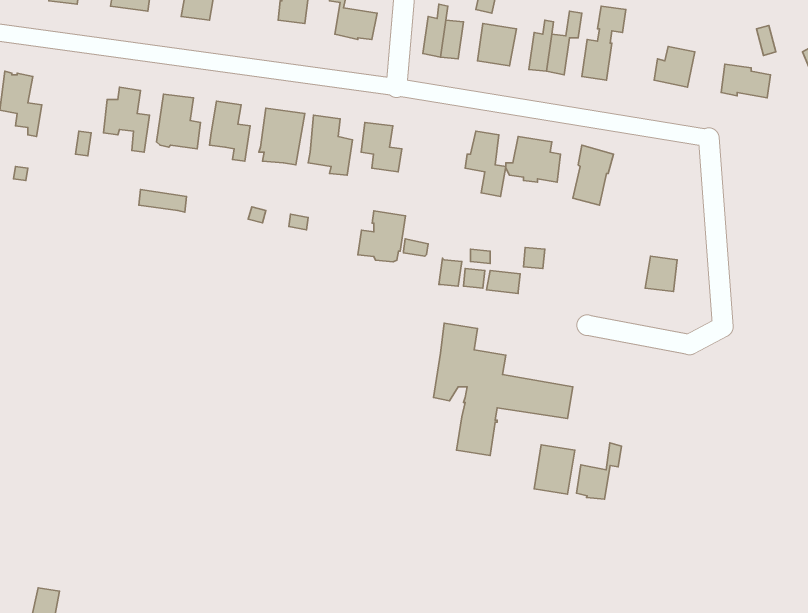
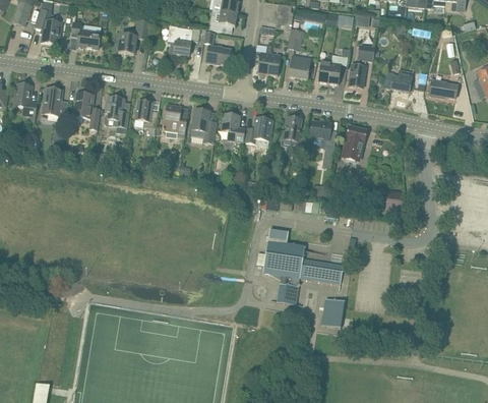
building: none -> [42,87,63,115]
building: [358,211,406,262] -> [246,116,273,146]
building: [577,443,621,499] -> none

